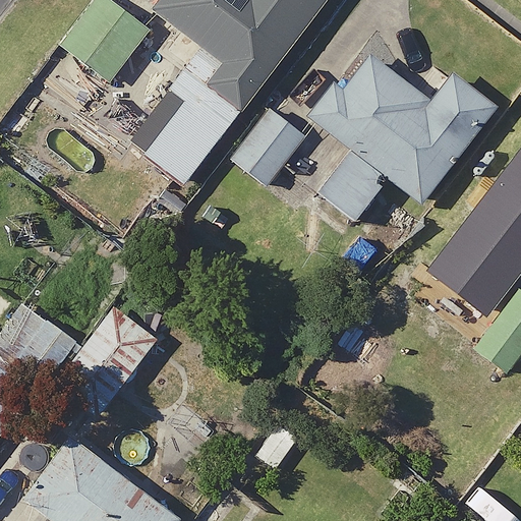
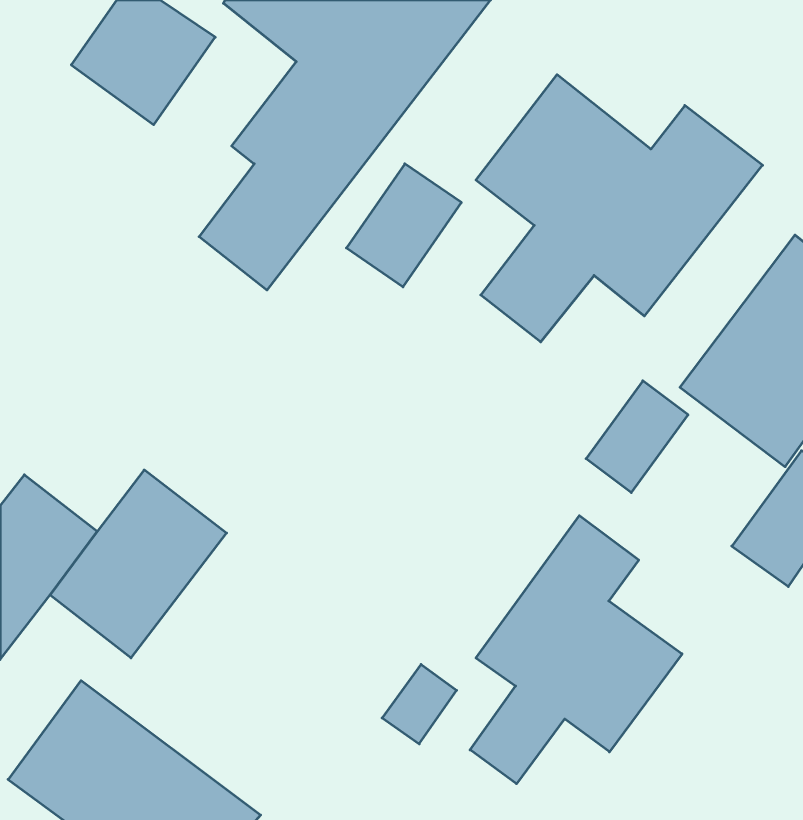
building: none -> [470,516,682,784]

